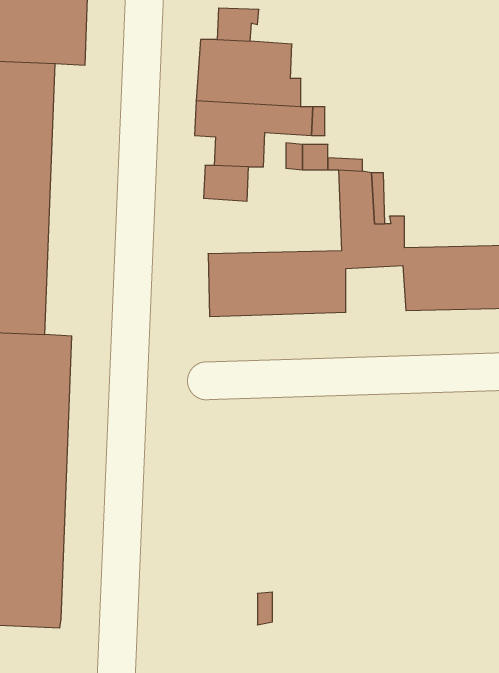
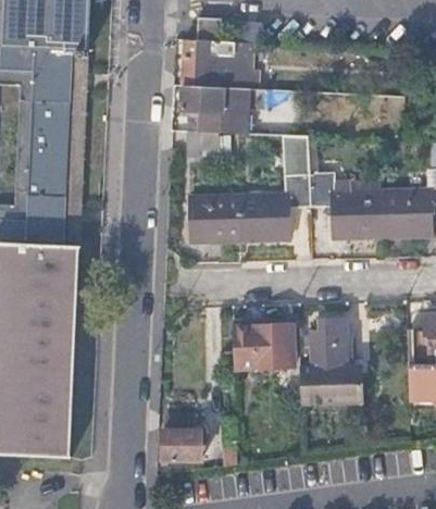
building: none -> [297,320,359,404]
building: none -> [231,324,291,368]
building: none -> [161,412,199,461]

